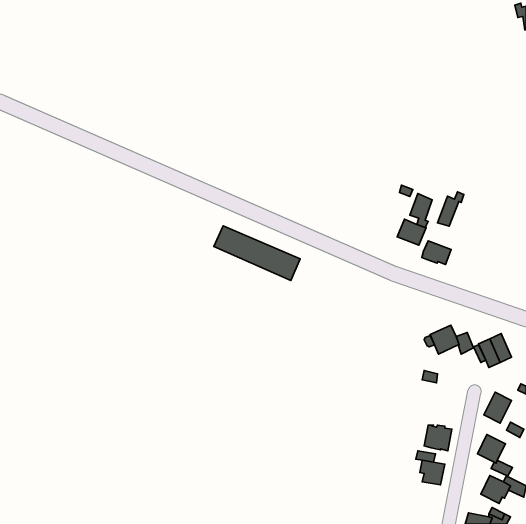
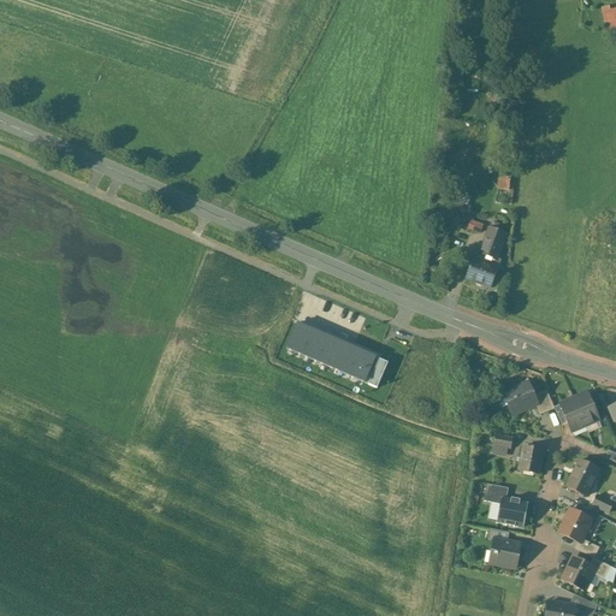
building: [438,192,464,226] -> none
building: [214,226,300,280] -> [286,322,387,386]
building: [422,241,451,264] -> none
building: none -> [517,445,543,473]

